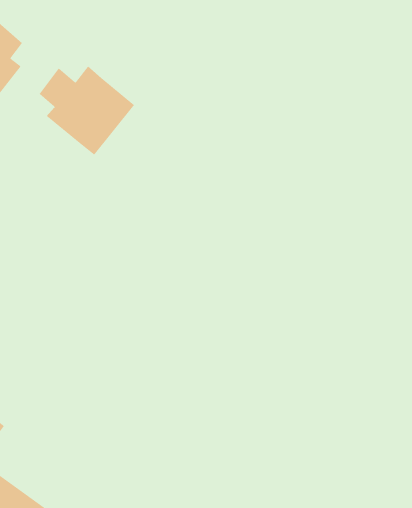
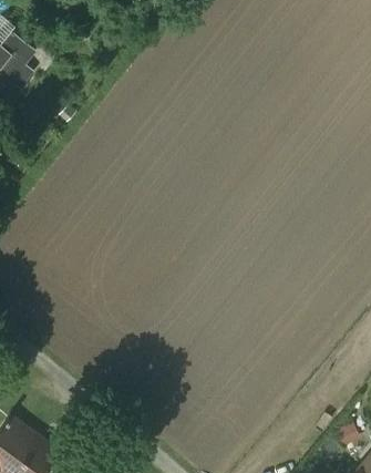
building: [39,65,135,155] -> none

